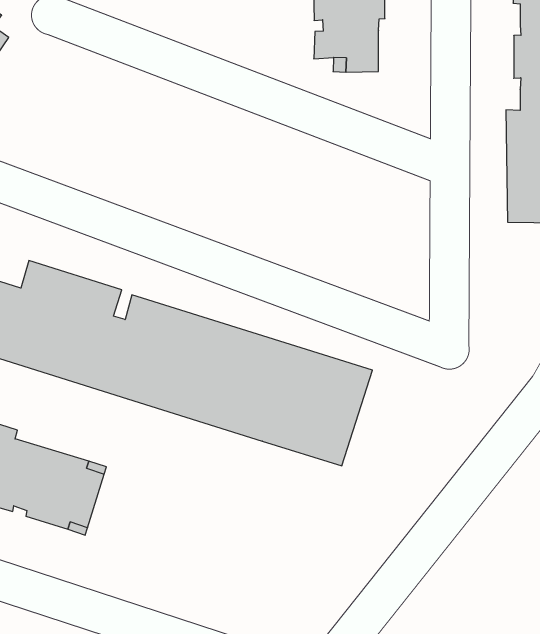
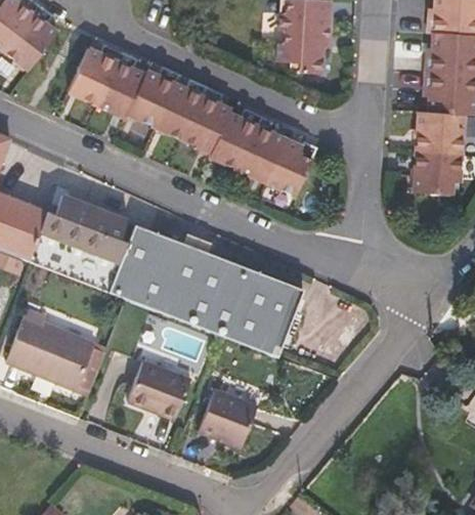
building: none -> [69,46,317,197]
building: none -> [128,361,191,420]
building: none -> [199,389,257,448]

